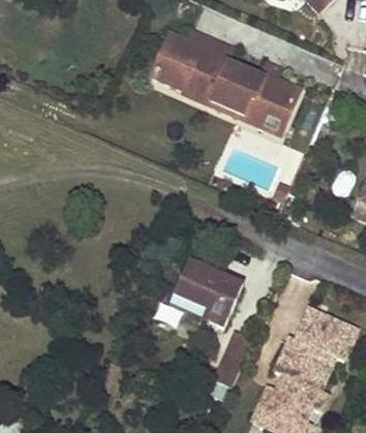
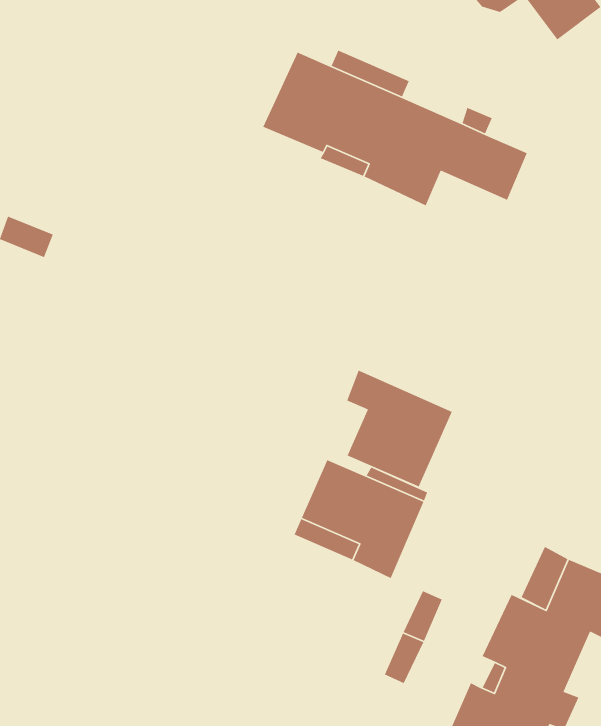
building: [243,98,288,133] -> none
building: none -> [346,370,453,488]

